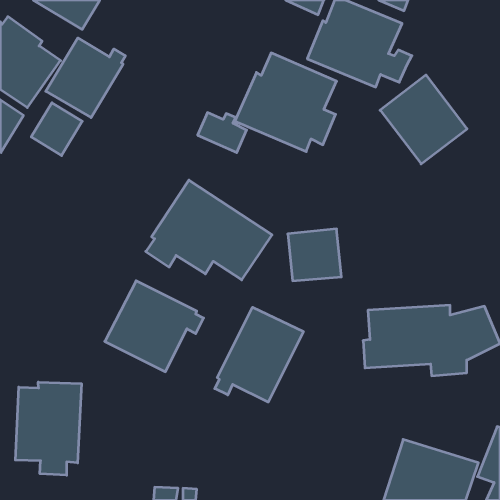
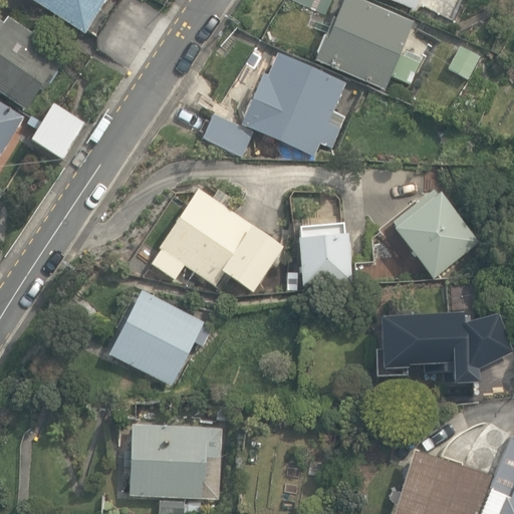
building: [46,38,125,118] -> none
building: [380,75,467,164] -> [390,188,479,279]
building: [215,307,303,402] -> none
building: [15,382,81,475] -> none
building: none -> [123,424,223,500]

